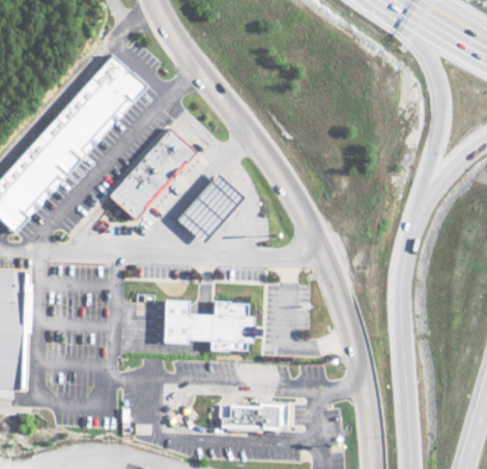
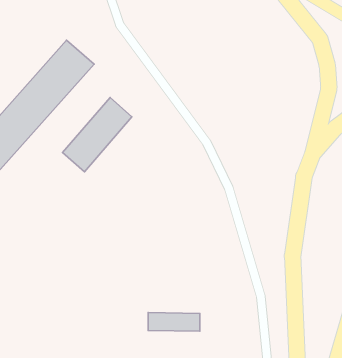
building: [175,174,245,244] -> none
building: [160,297,251,348] -> none

